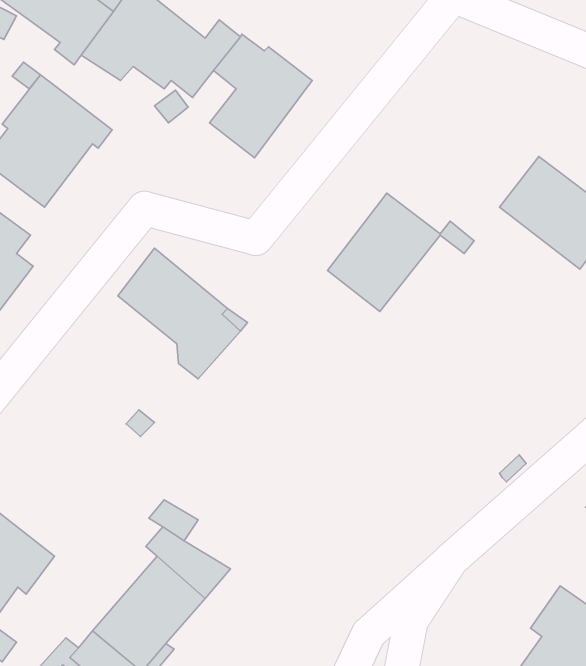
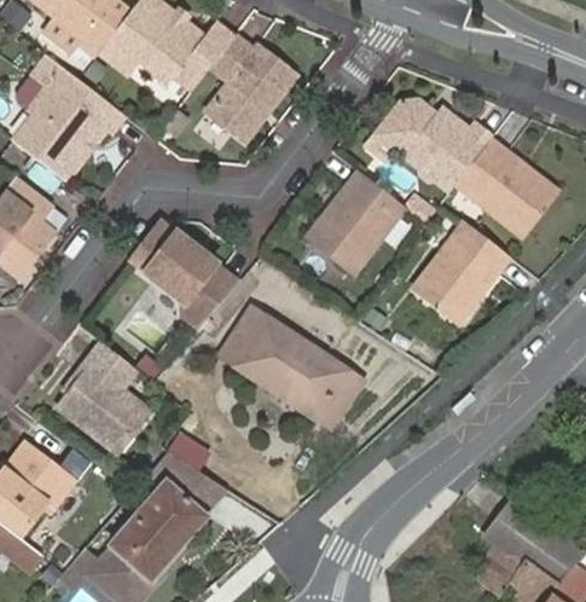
building: none -> [378,99,489,189]
building: none -> [414,220,511,320]
building: none -> [220,309,360,426]
building: none -> [54,343,144,453]

